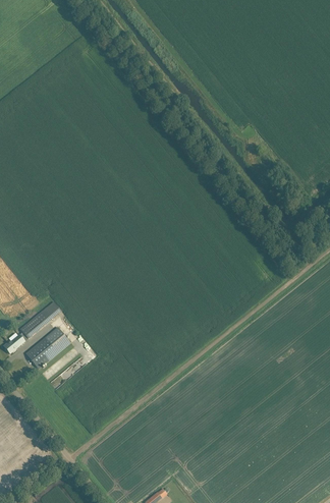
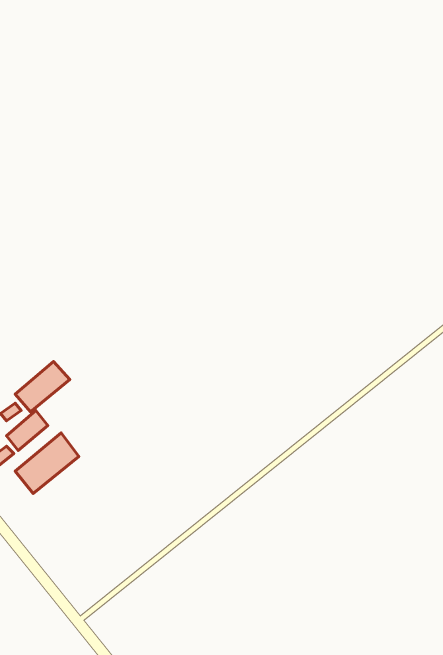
building: none -> [15,362,70,412]

